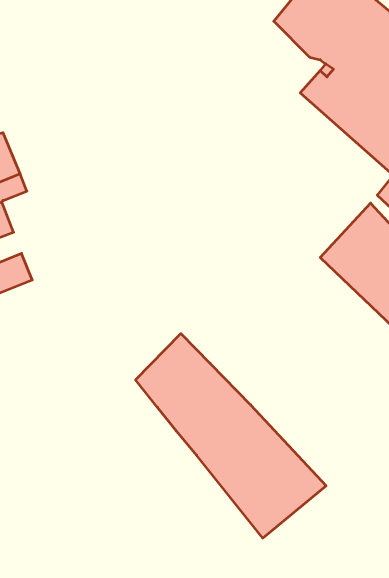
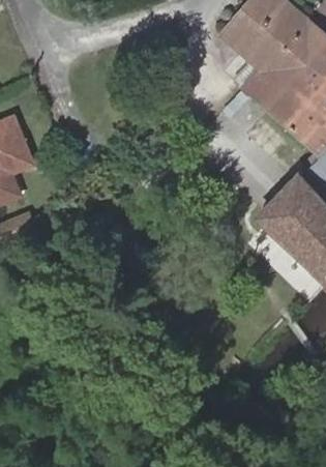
building: [136,334,326,538] -> none

